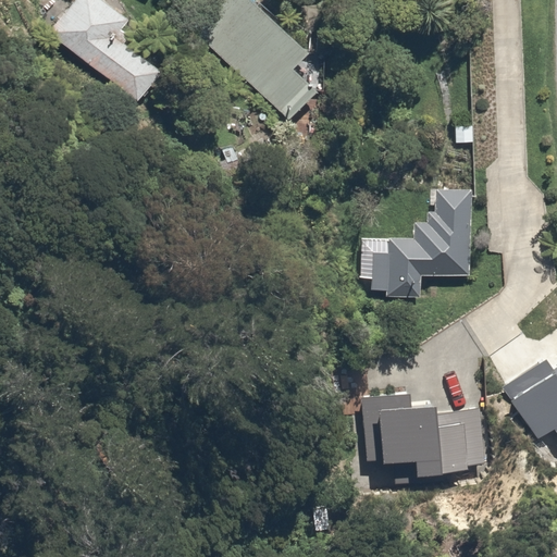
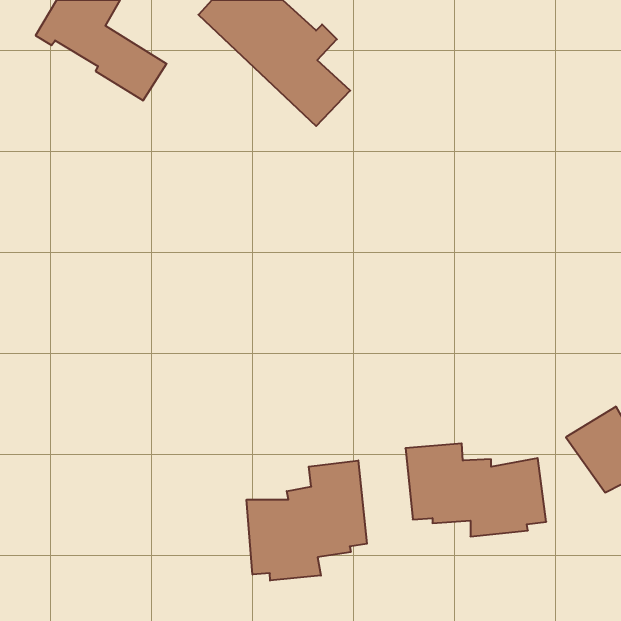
building: [364,183,476,297] -> none
building: none -> [247,460,367,581]

